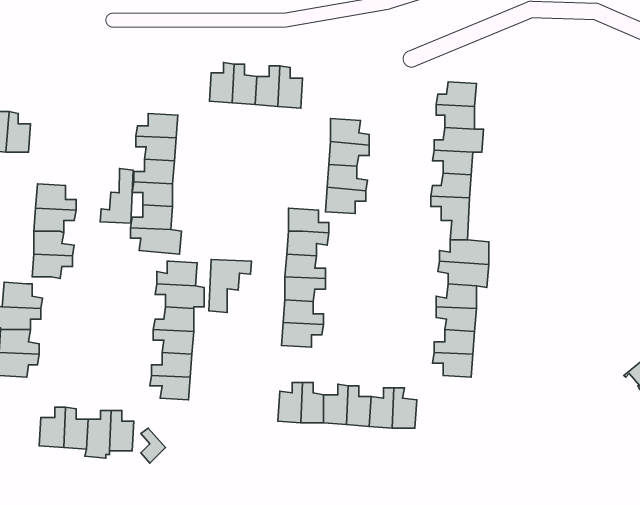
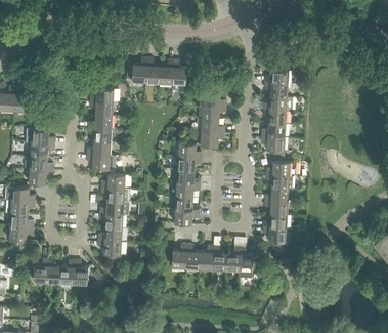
building: [100,169,133,223] -> none
building: [209,260,252,313] -> none

